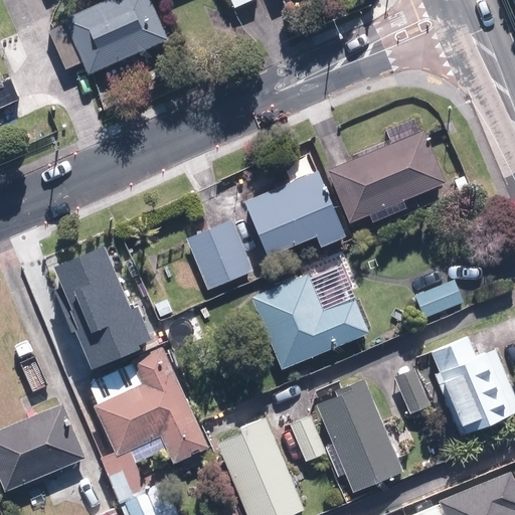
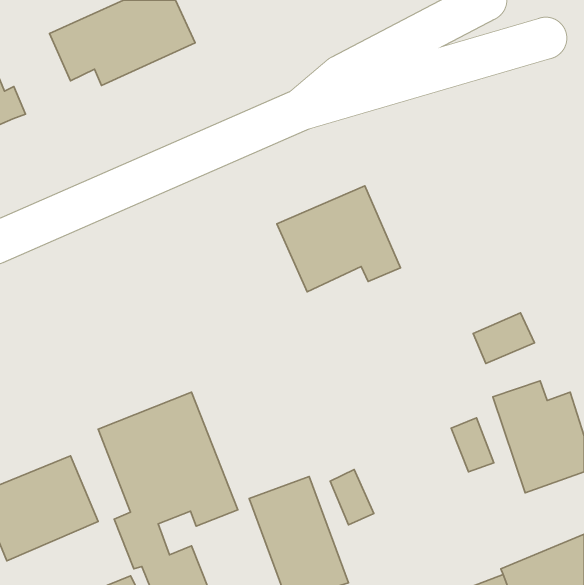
building: [327,129,447,224] -> none
building: [182,218,251,291] -> none
building: [49,251,146,373] -> none
building: [252,270,362,371] -> none
building: [319,379,404,493] -> none

